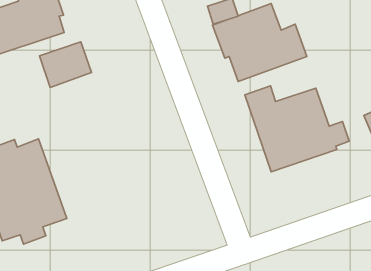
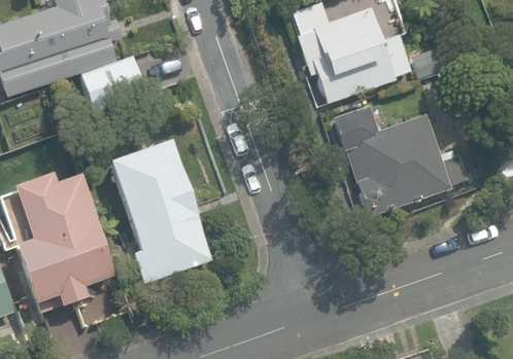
building: none -> [110,141,214,285]

